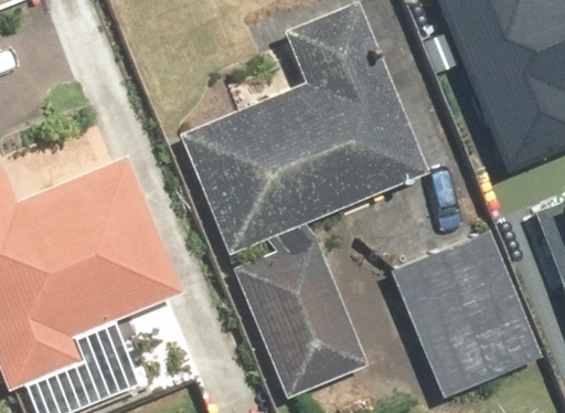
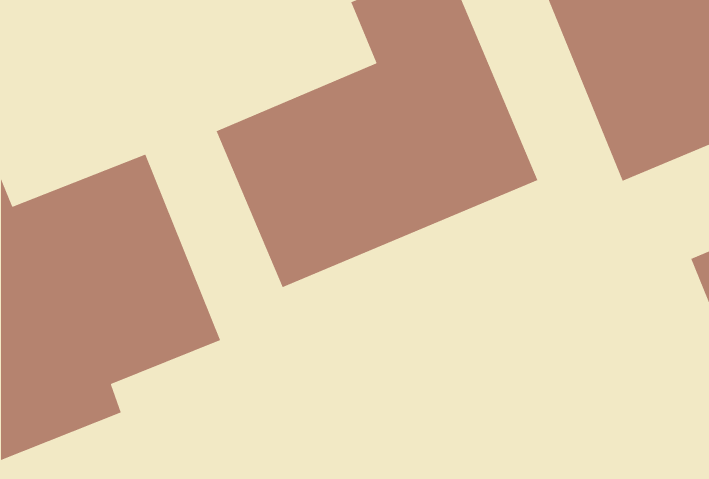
building: [390,226,544,398] -> none
building: [231,235,374,400] -> none

